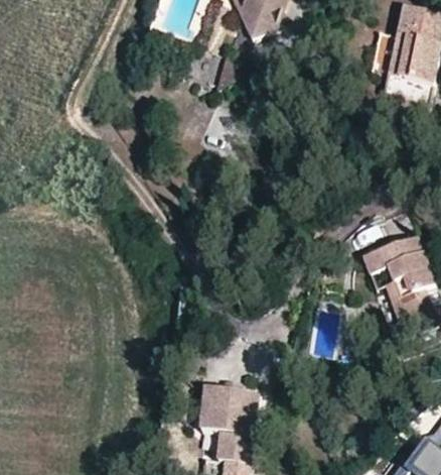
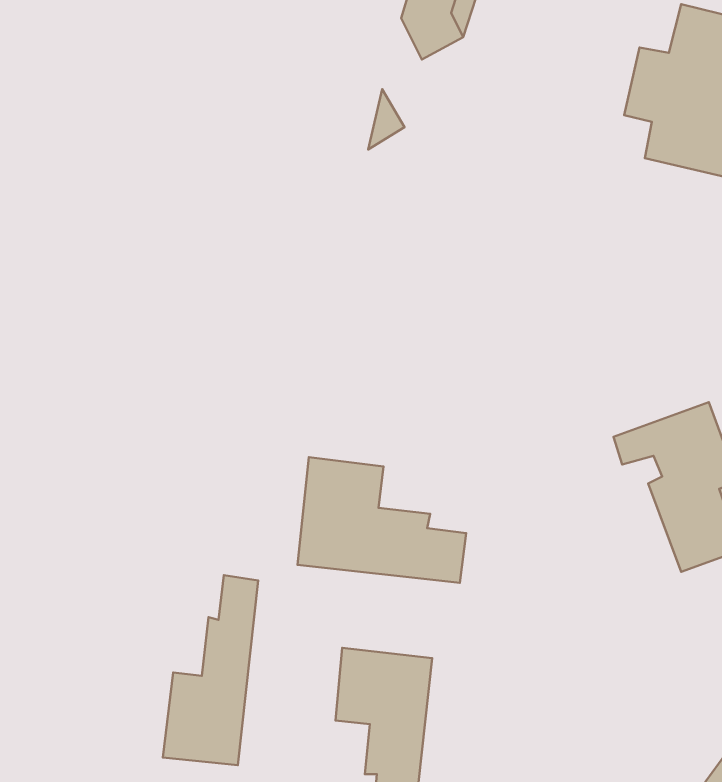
building: none -> [298,457,466,583]
building: none -> [163,575,258,765]

